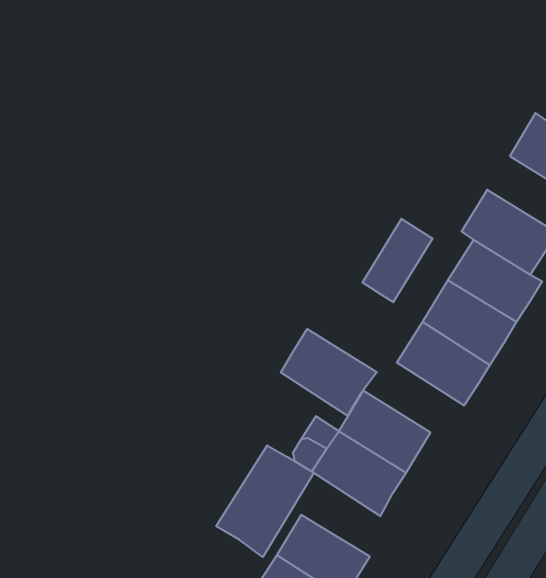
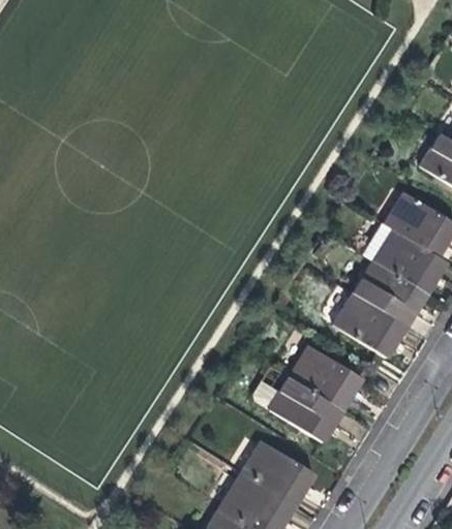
building: [362,219,432,302] -> none
building: [281,329,377,416] -> none
building: [216,445,314,557] -> none

